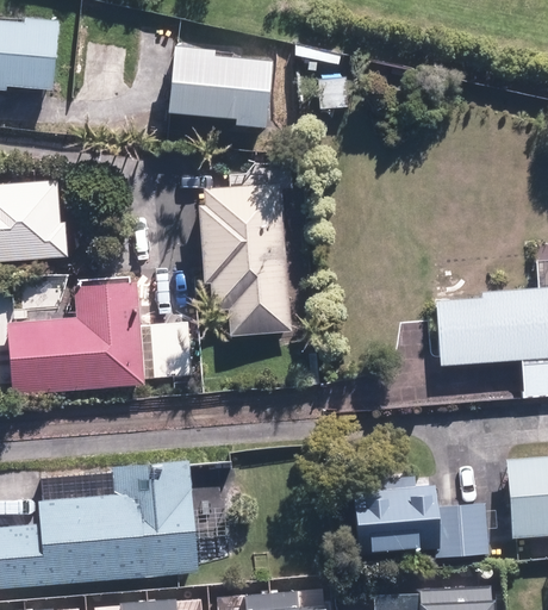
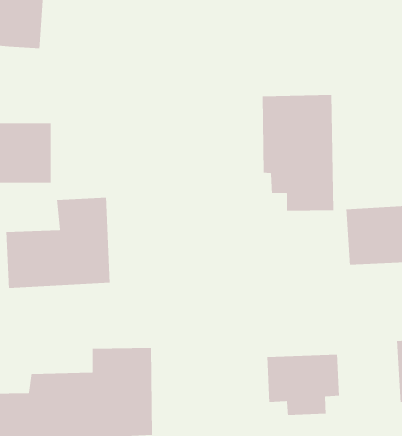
building: [163,55,275,131] -> none
building: [197,185,288,334] -> [262,94,334,212]
building: [437,505,490,554] -> none

